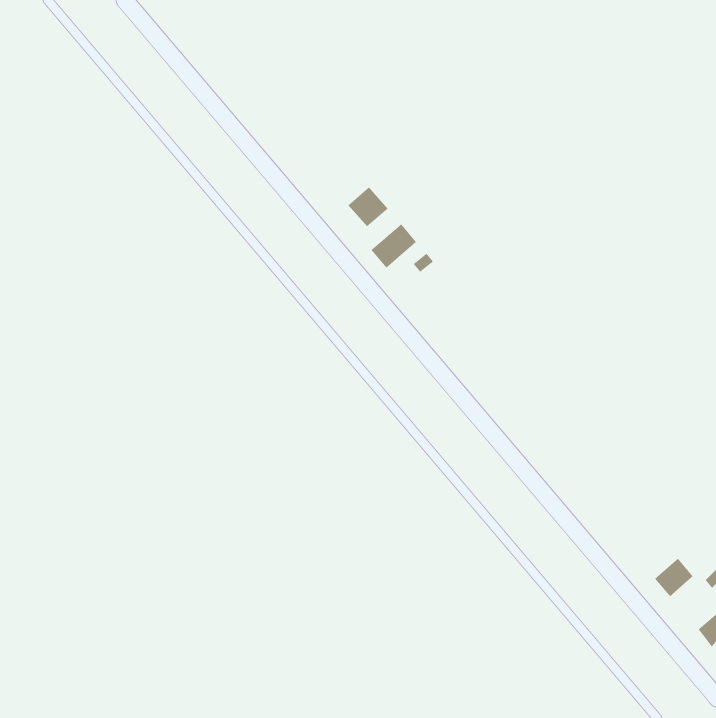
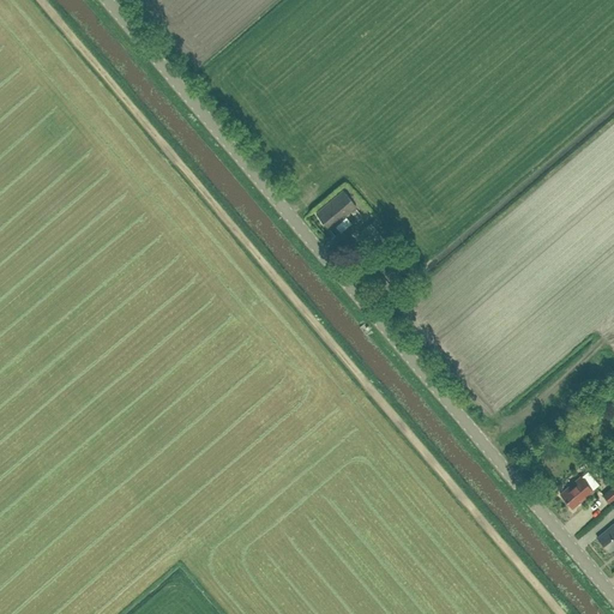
building: [348,187,389,227] -> none

